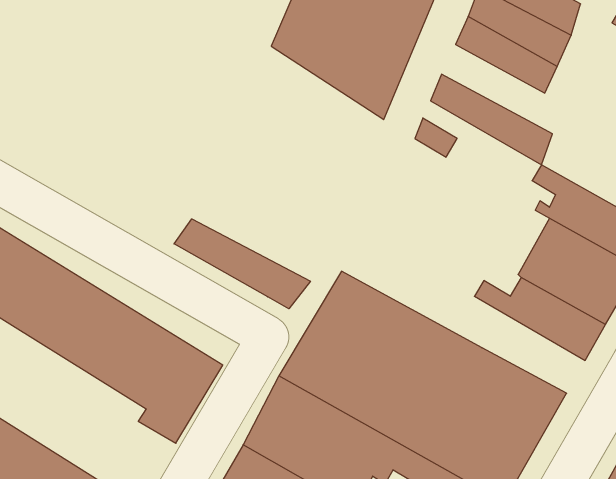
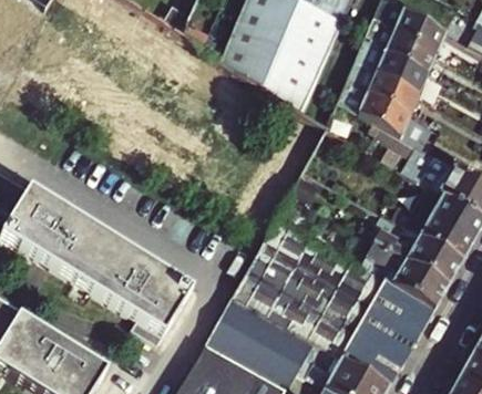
building: none -> [347,59,420,114]
building: [174,219,310,309] -> none
building: none -> [358,234,449,305]

